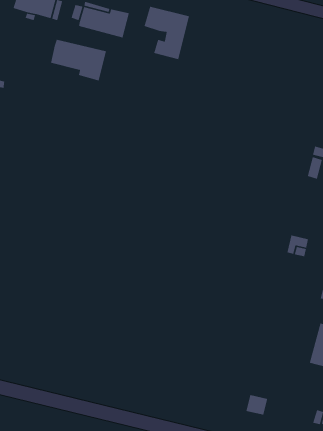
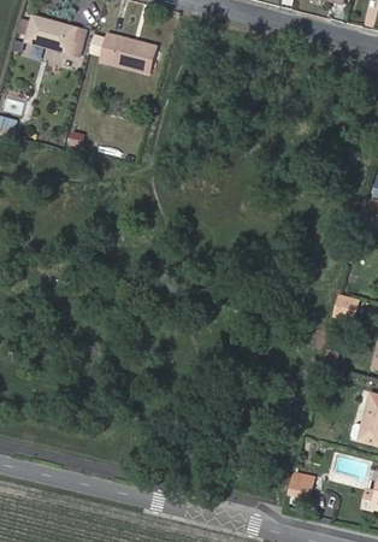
building: [143,6,190,60] -> none
building: [50,39,107,82] -> none

